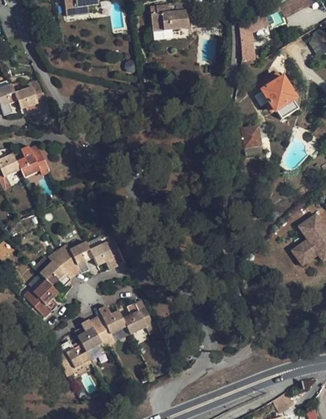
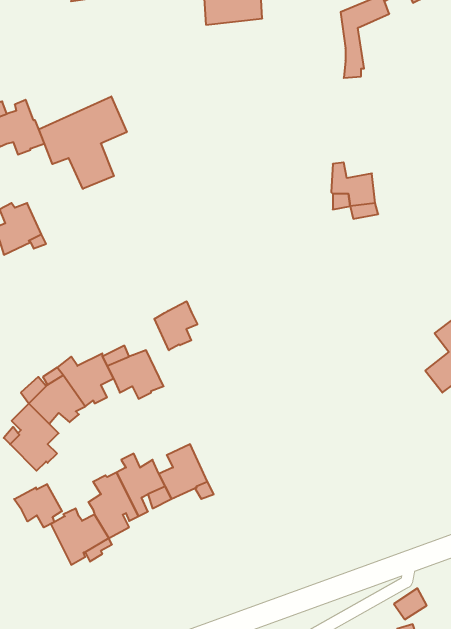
building: [258,73,296,116] -> none
building: none -> [39,96,127,189]
building: none -> [154,301,197,350]
building: none -> [14,484,62,527]

